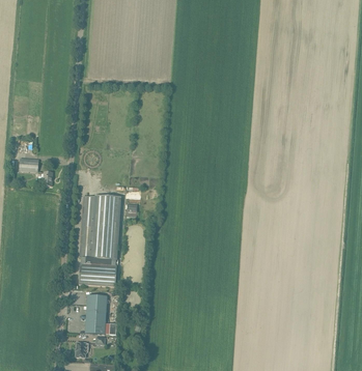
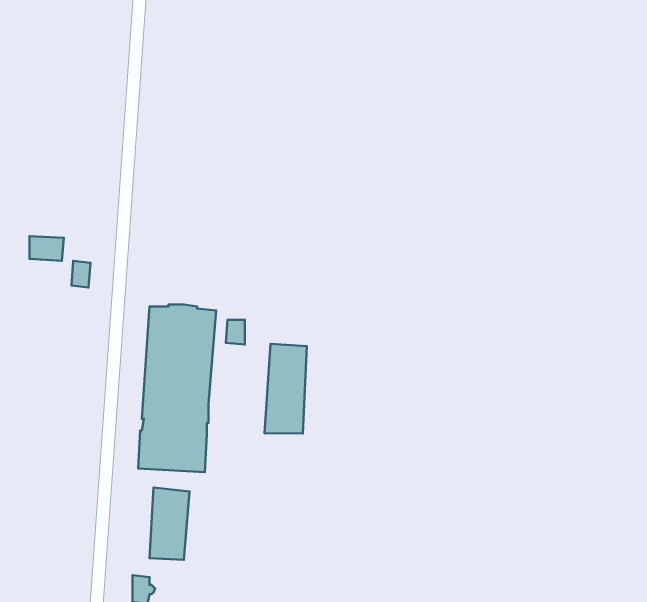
building: none -> [264,344,307,433]

